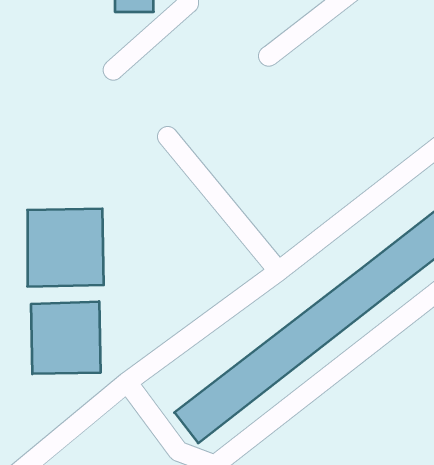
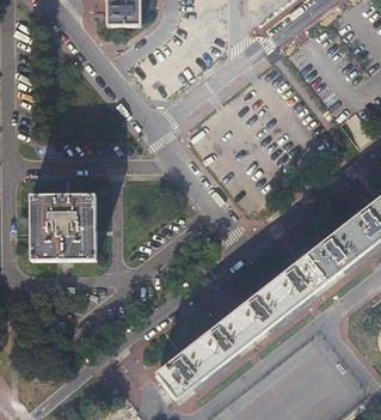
building: [31,301,100,374] -> none

